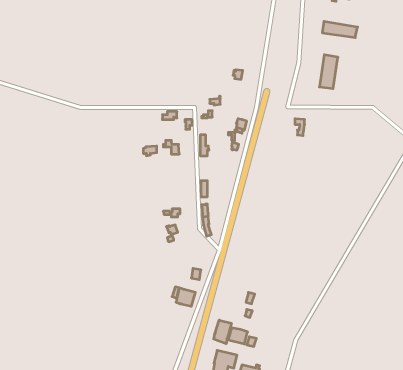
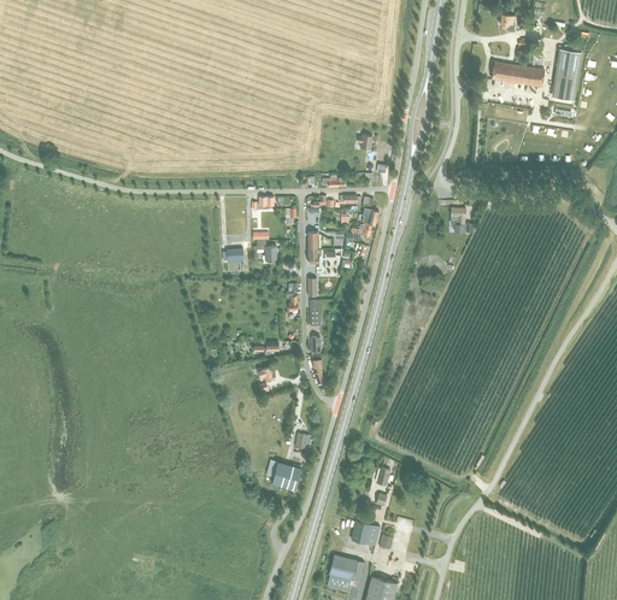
building: [319,55,338,89] -> [553,48,581,99]
building: [214,320,231,344] -> none

